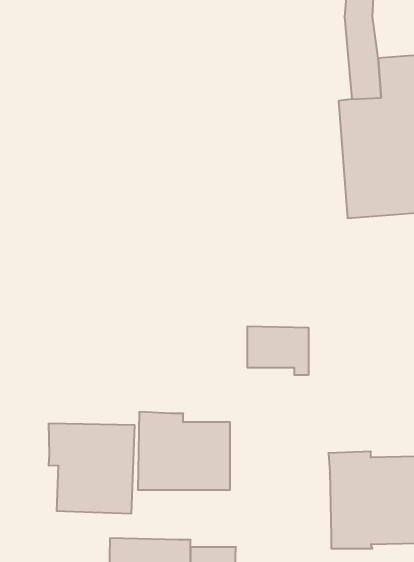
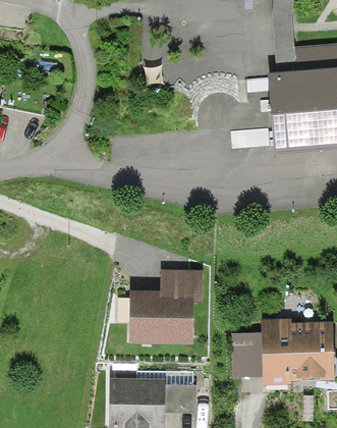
building: [247,326,309,375] -> [160,268,203,302]
building: [49,423,135,514] -> none
building: none -> [231,331,263,376]

